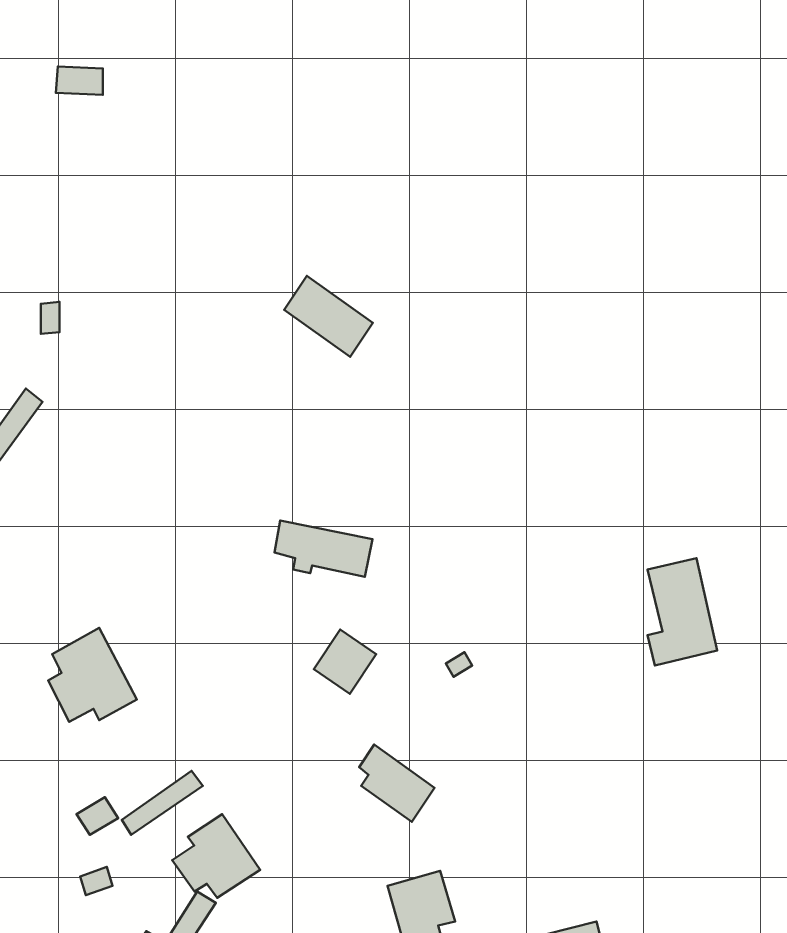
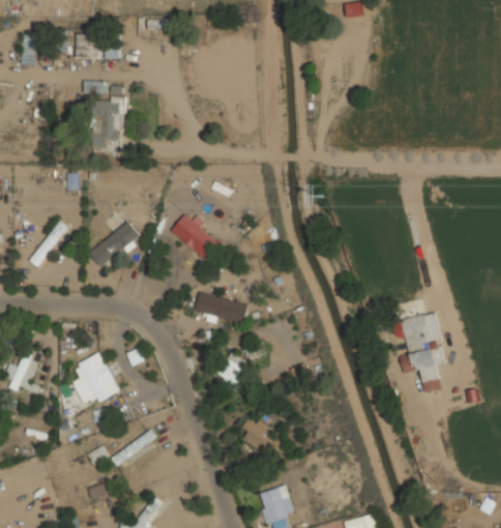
building: none -> [90,96,122,153]
building: [284,276,373,357] -> [170,214,218,259]
building: none -> [87,225,139,268]
building: [172,814,260,898] -> none

